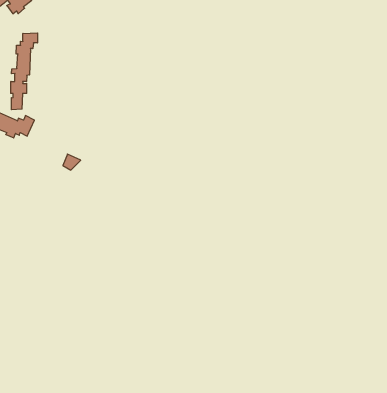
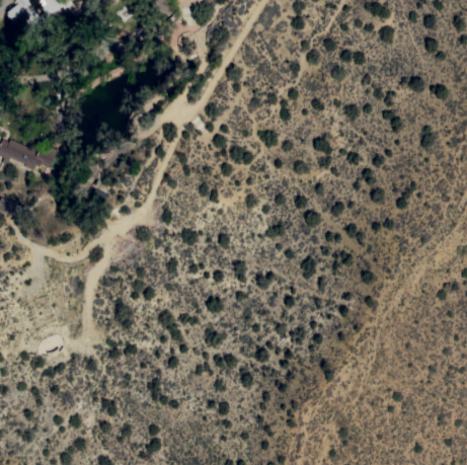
building: [11,33,37,110] -> none

